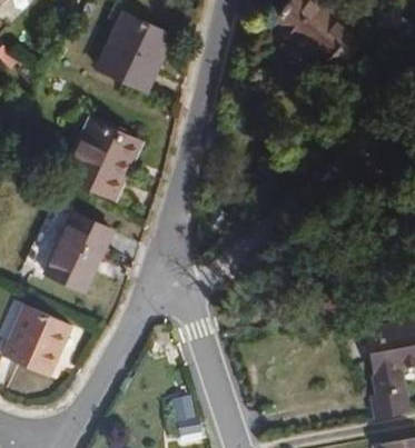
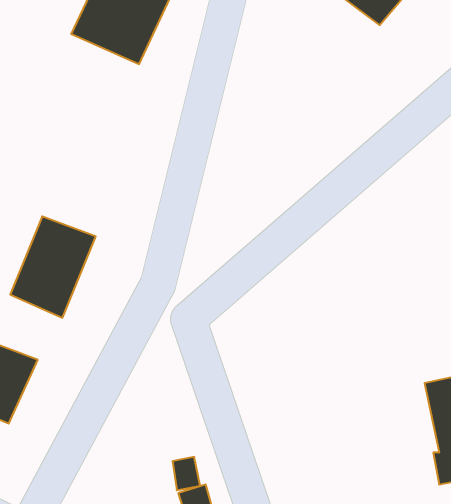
building: [63,113,140,192] -> none

